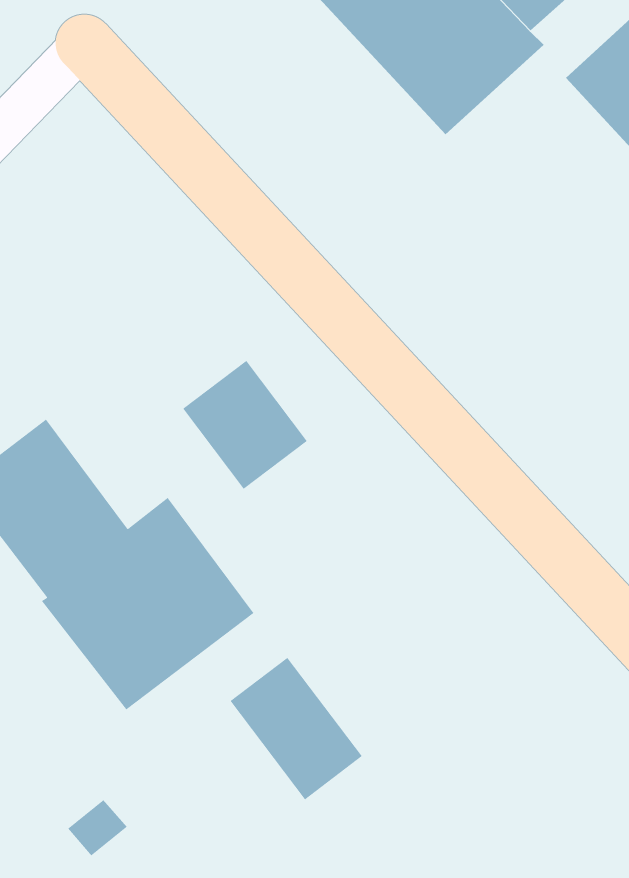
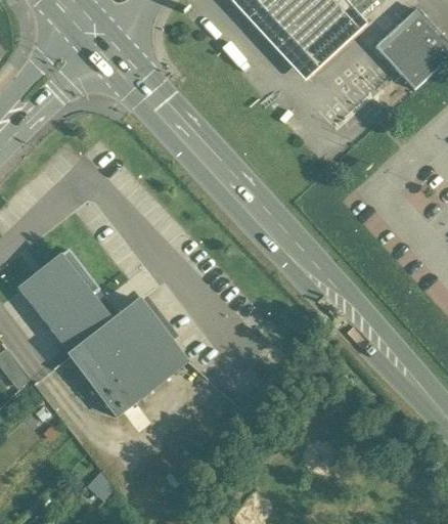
building: [182,360,308,490] -> none
building: [230,657,363,800] -> none

